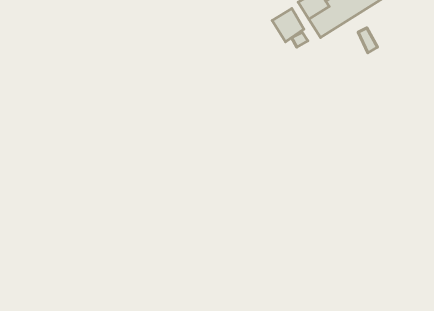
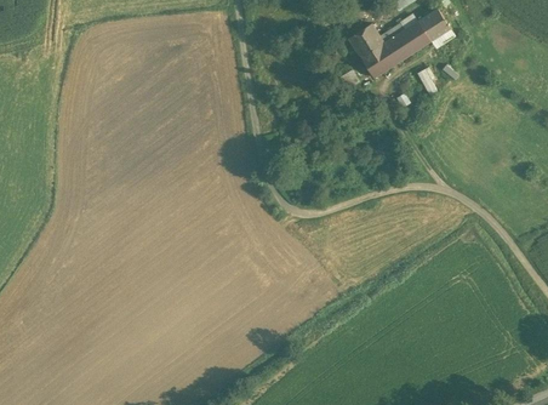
building: [272,9,304,42] -> none

